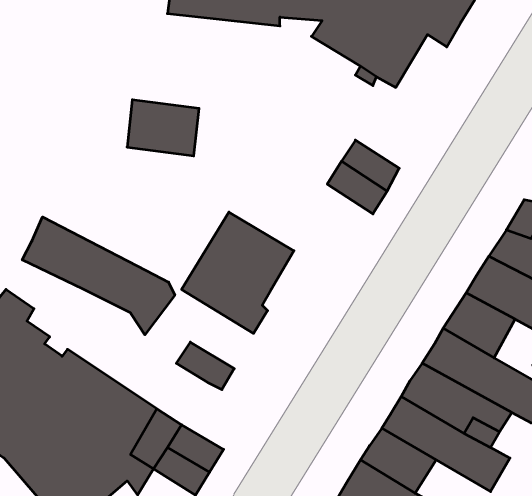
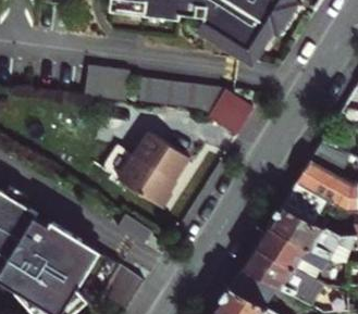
building: none -> [140,78,226,110]
building: [22,217,175,335] -> none

